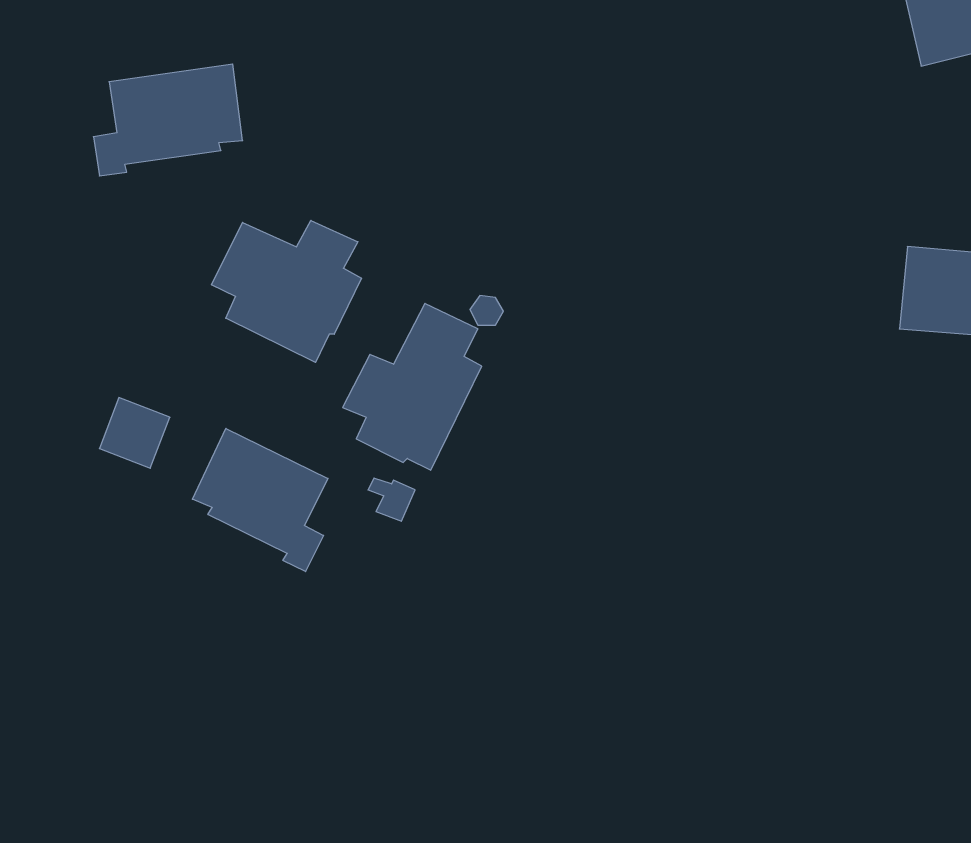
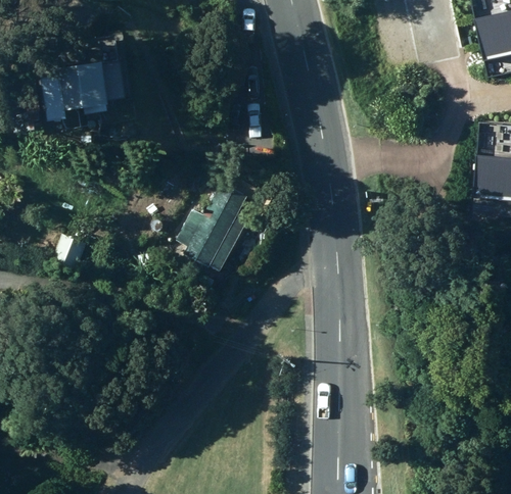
building: [212,220,361,362] -> none
building: [192,428,328,572] -> none

